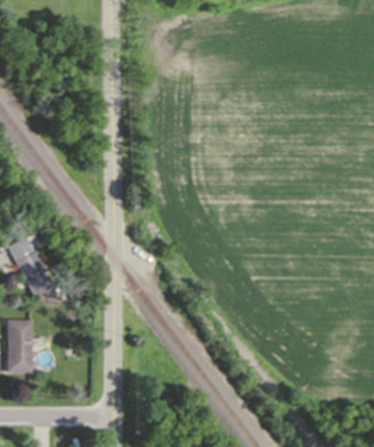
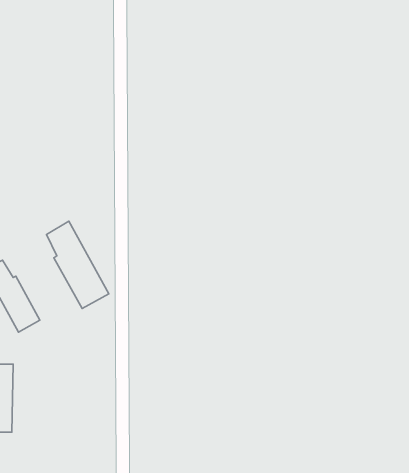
building: none -> [47,221,109,308]

